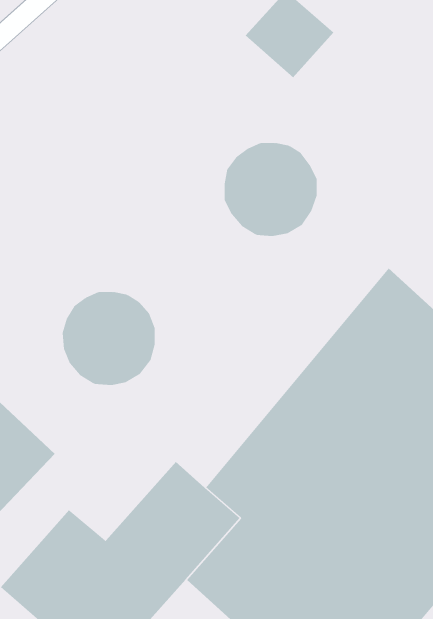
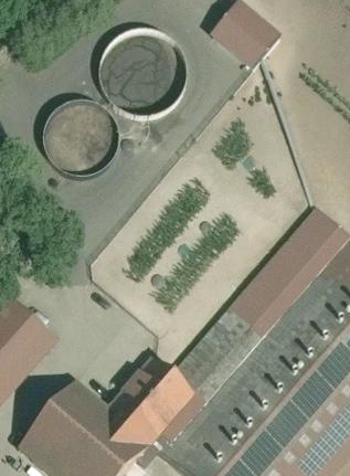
building: [224,143,318,237] -> [104,34,174,105]
building: [62,292,156,386] -> [39,102,109,172]

